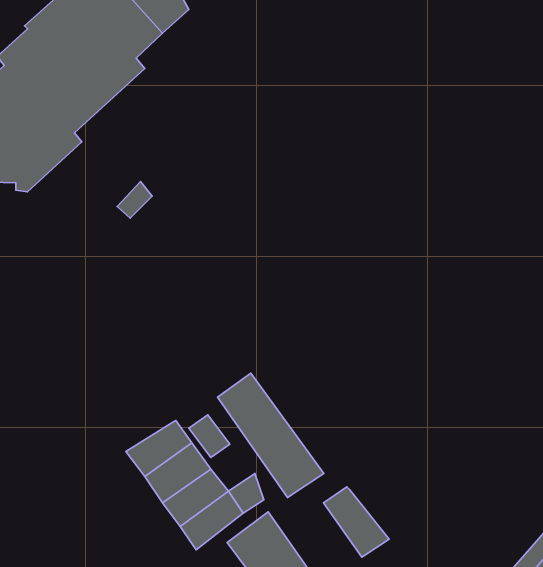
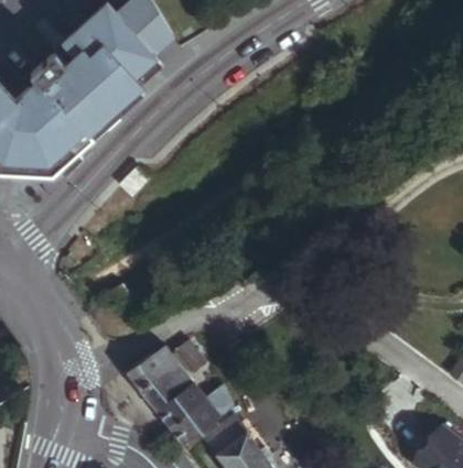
building: [218,373,324,497] -> none
building: [324,487,389,557] -> none

